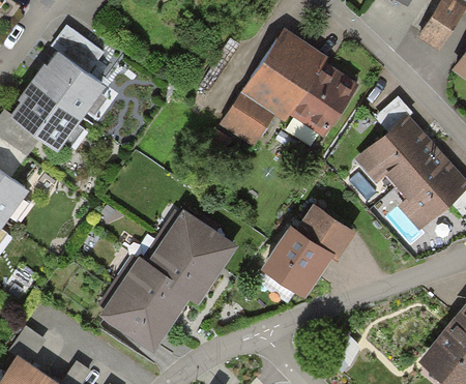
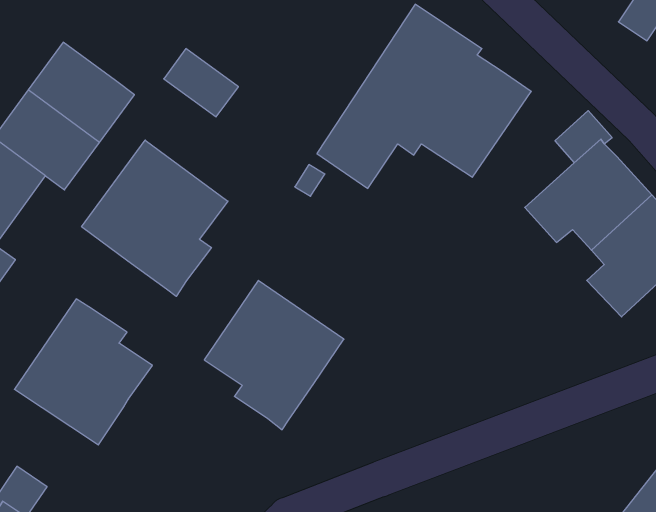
building: [55,33,104,78] -> [164,49,238,117]
building: none -> [82,140,228,296]
building: [262,203,354,293] -> none
building: [98,255,188,350] -> [14,299,152,445]

